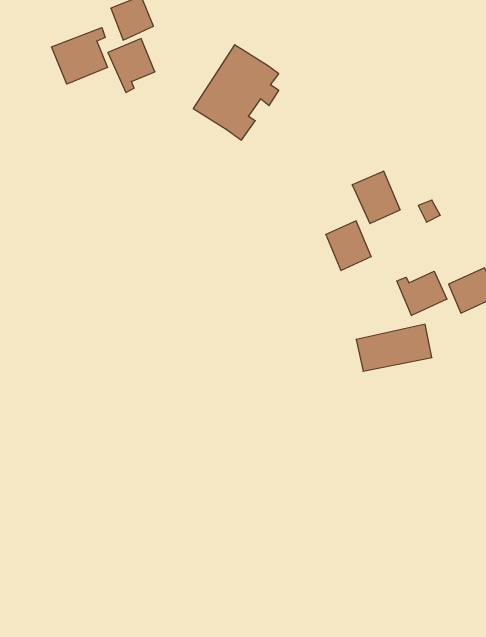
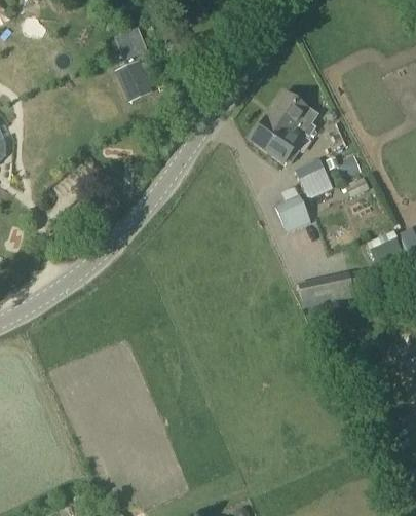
building: [52,28,108,84] -> none
building: [193,45,279,140] -> [252,91,315,162]
building: [397,271,447,316] -> none

